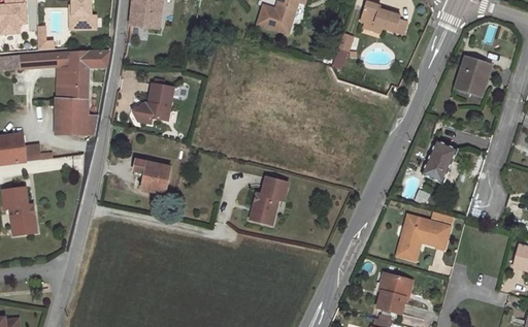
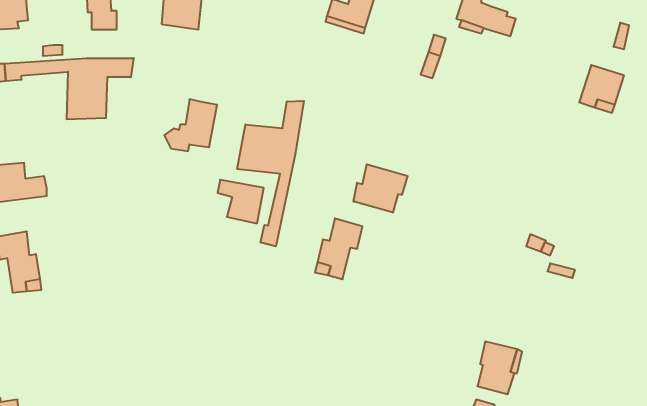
building: none -> [237,101,304,246]
building: [55,98,98,135] -> none
building: none -> [353,164,408,213]
building: [421,139,457,183] -> none
building: [134,160,170,194] -> [218,180,264,223]
building: [396,215,450,259] -> none

